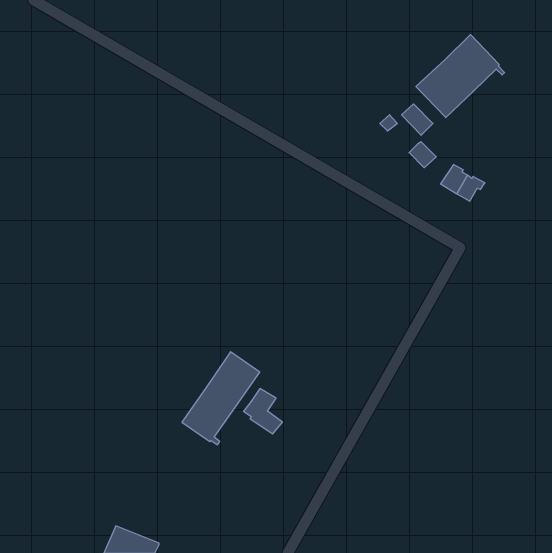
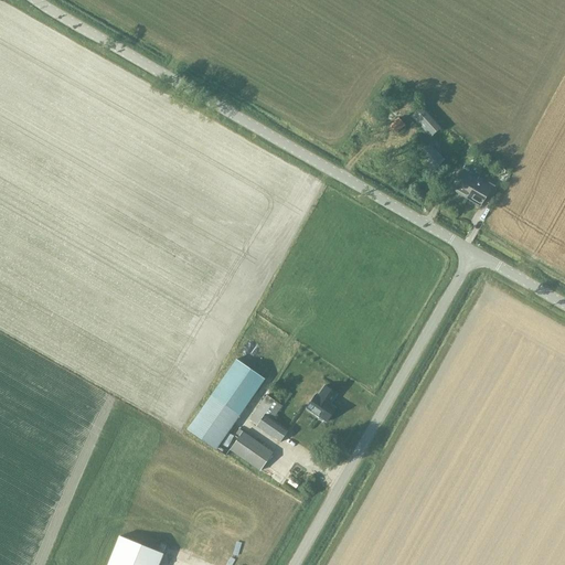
building: [416,35,505,118] -> none
building: none -> [307,386,338,423]
building: none -> [231,430,271,470]

